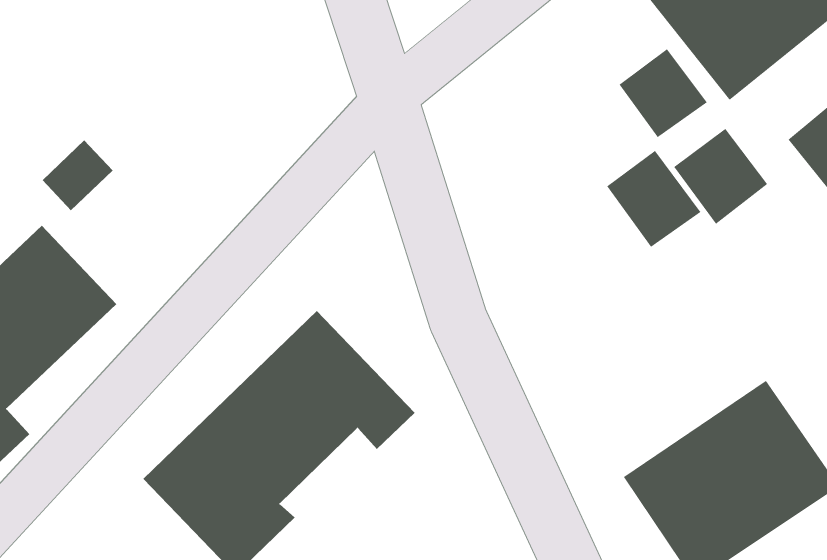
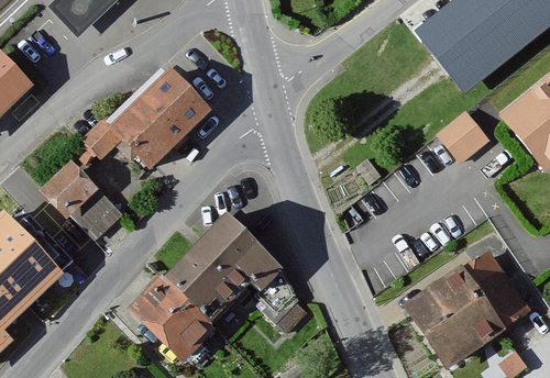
building: [619,48,708,138] -> none
building: none -> [116,73,206,162]
building: [606,150,702,248] -> none

